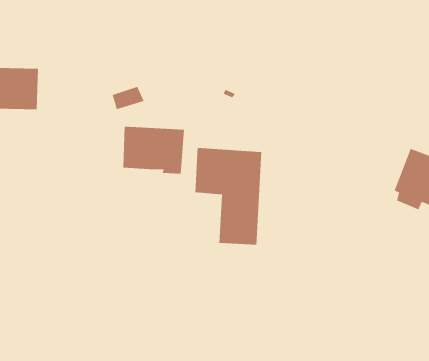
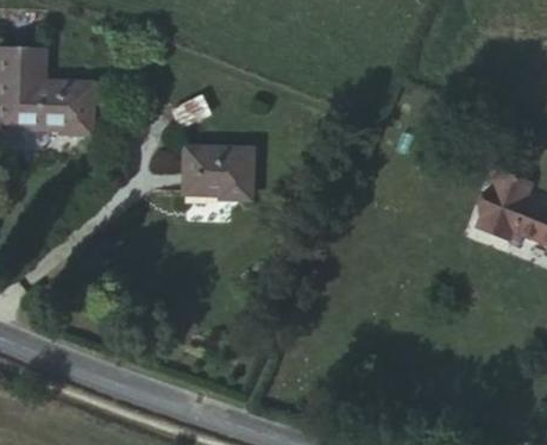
building: [195,147,262,245] -> none

